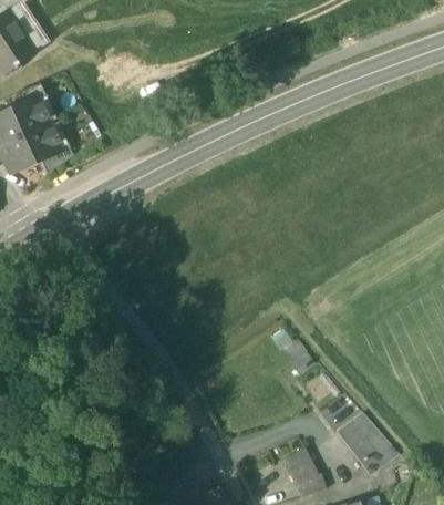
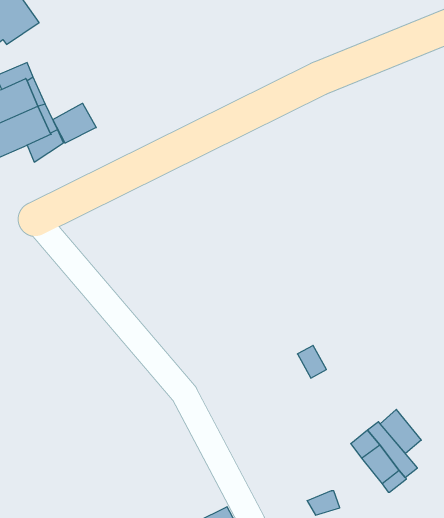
building: none -> [53,103,96,143]
building: none -> [380,409,421,453]
building: [281,447,317,482] -> none

